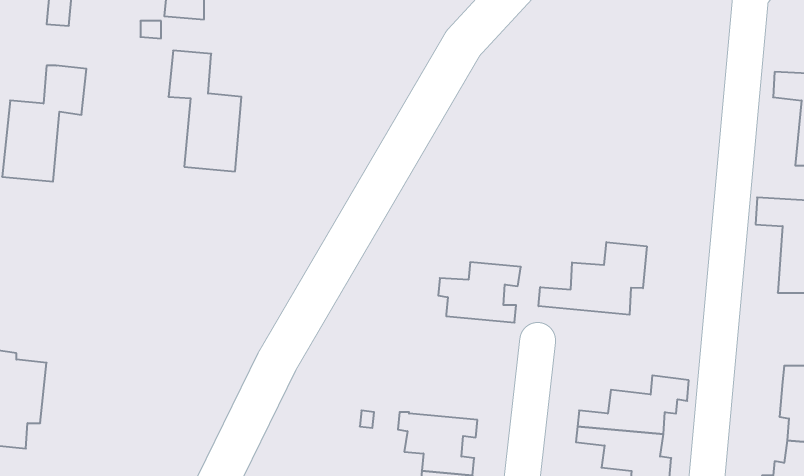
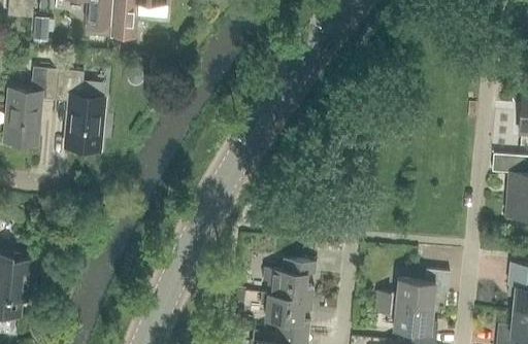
building: [168,51,241,171] -> [56,70,103,148]
building: [539,242,647,315] -> none
building: [438,262,521,323] -> [263,259,317,298]

